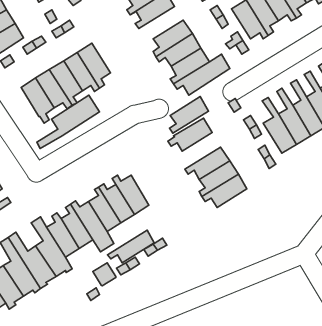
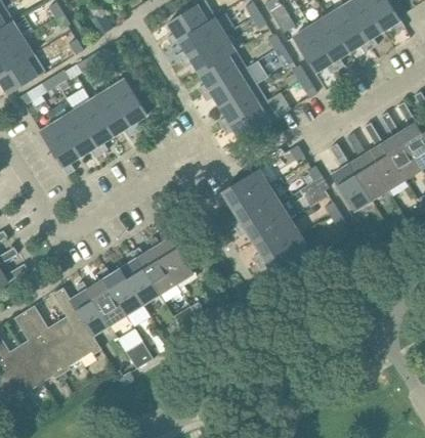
building: none -> [181,34,235,73]
building: [37,95,99,149] -> none
building: [169,97,209,133] -> [232,185,280,229]
building: [108,230,154,263] -> none

